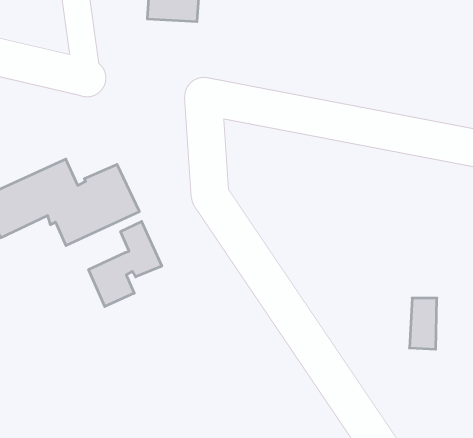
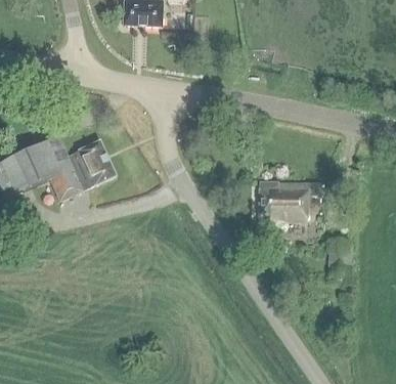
building: none -> [258,179,323,219]
building: [89,221,162,307] -> none

